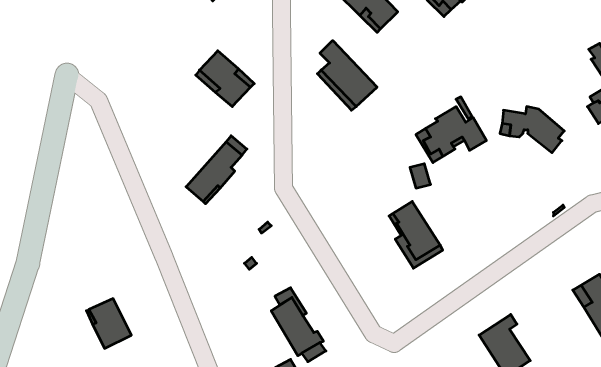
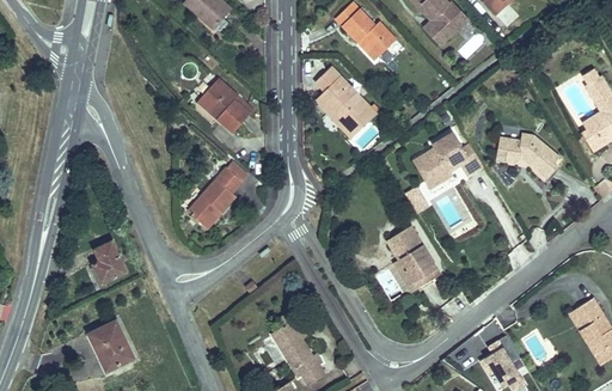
building: none -> [92,240,128,285]

